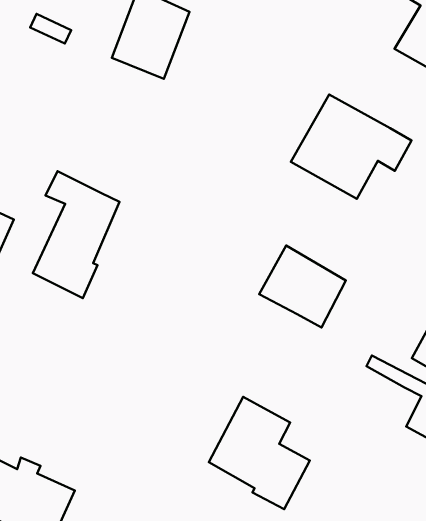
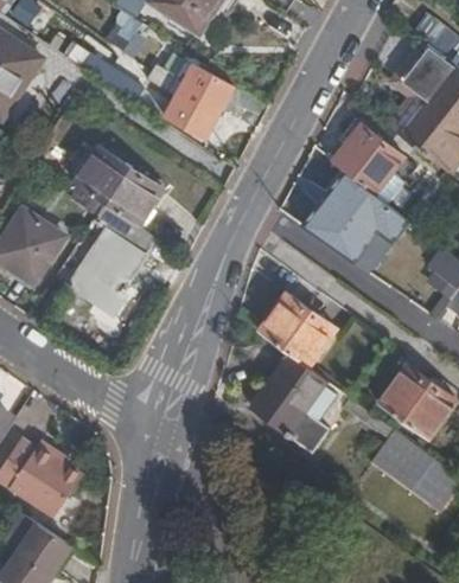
building: none -> [333,126,404,205]
building: none -> [72,146,160,225]
building: [209,397,310,509] -> [251,351,337,450]

